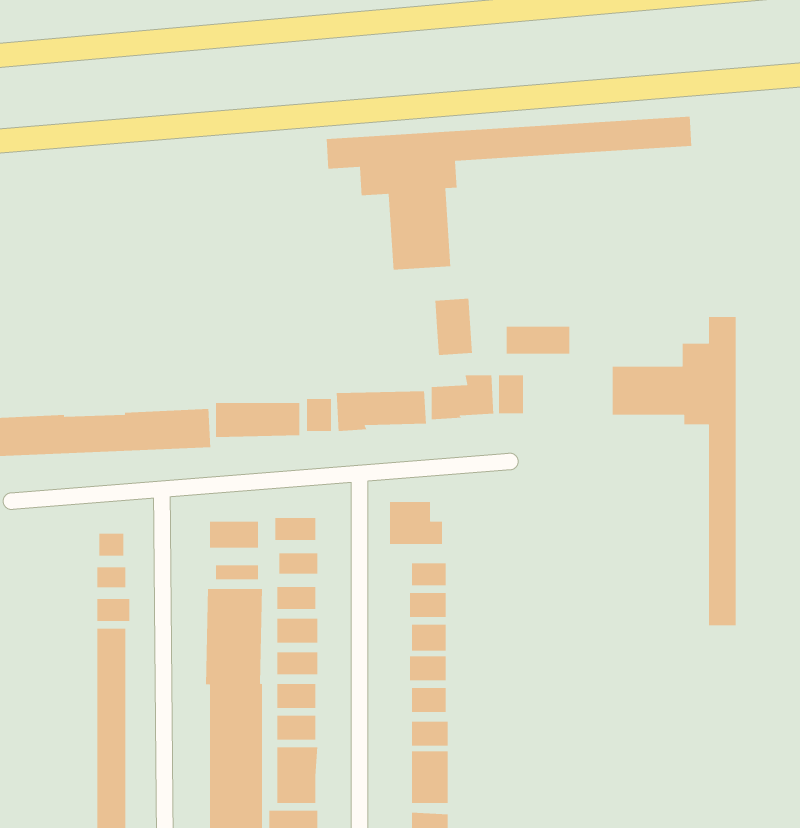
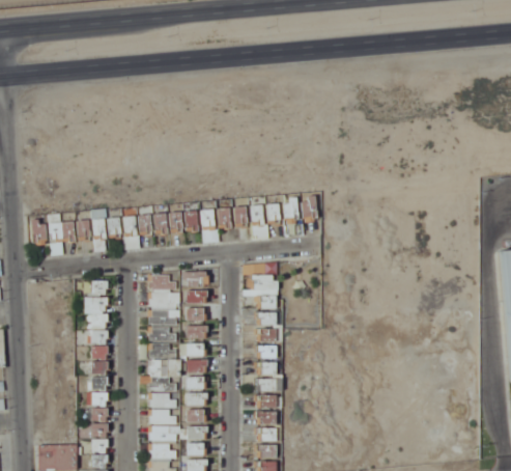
building: [326,116,692,271] -> none
building: [435,298,473,356] -> none
building: [612,316,737,626] -> none
building: [506,326,570,354] -> none

